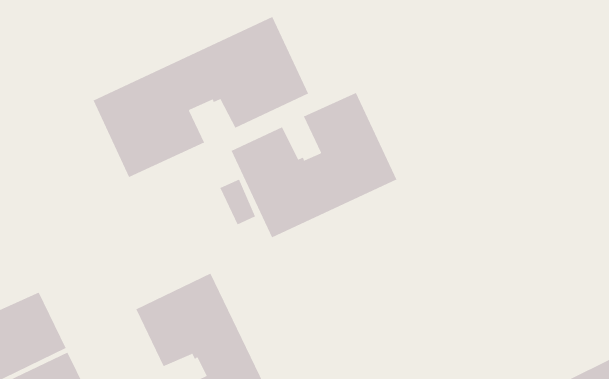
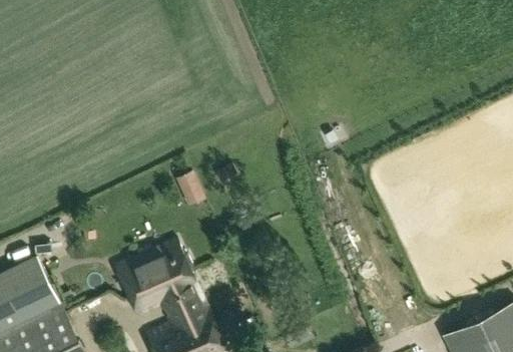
building: [93,16,309,178] -> none
building: [231,92,397,238] -> none

